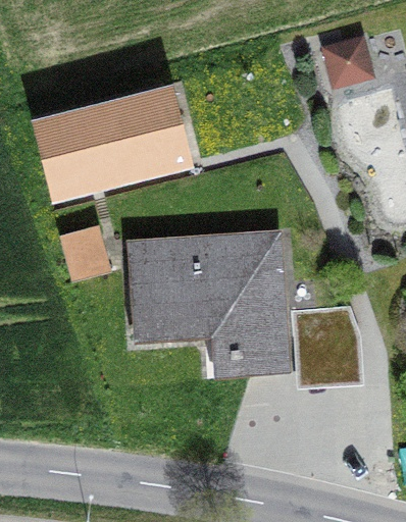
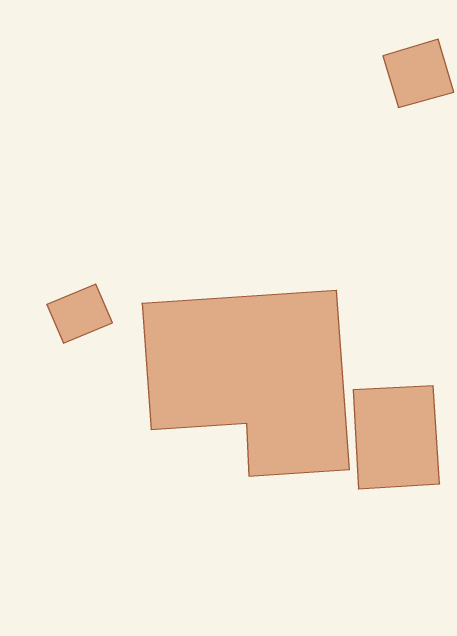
building: [31,86,194,204] -> none

